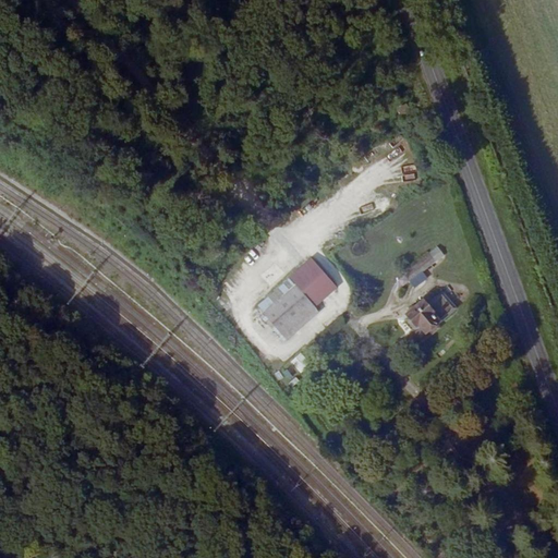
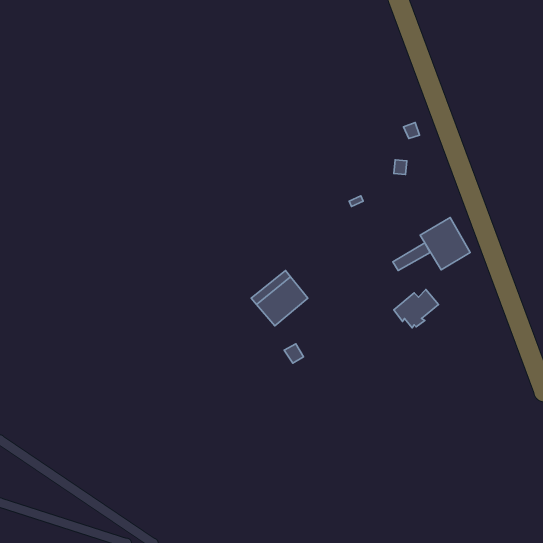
building: none -> [420,218,470,270]
building: [295,262,337,304] -> none

